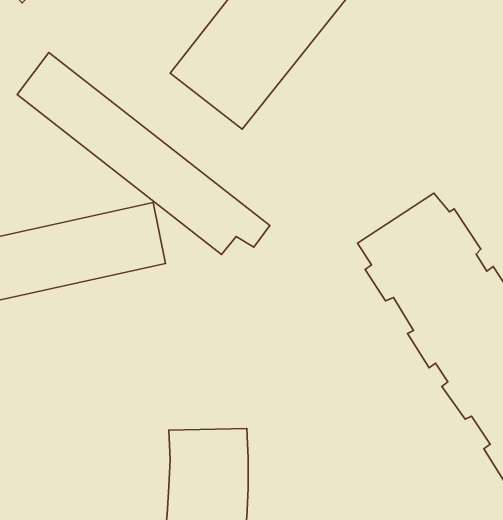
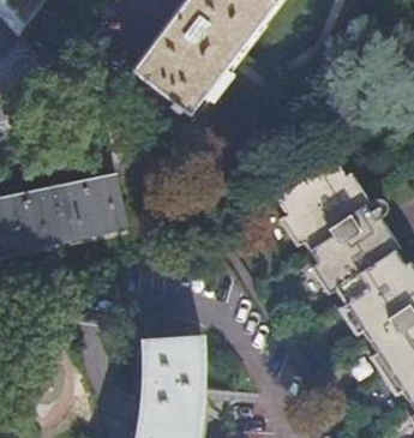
building: [17,53,270,255] -> none

